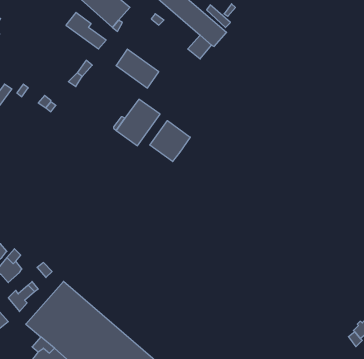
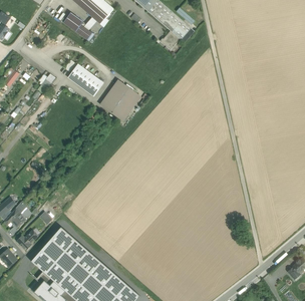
building: [116,49,159,88] -> [69,64,103,95]
building: [150,121,190,162] -> none

